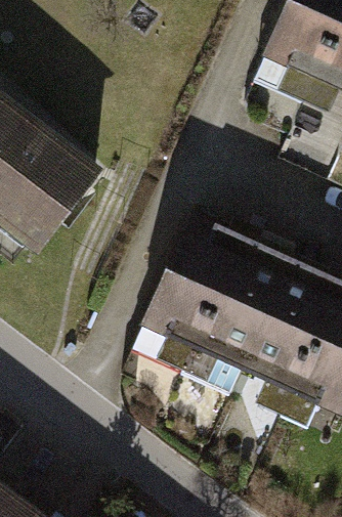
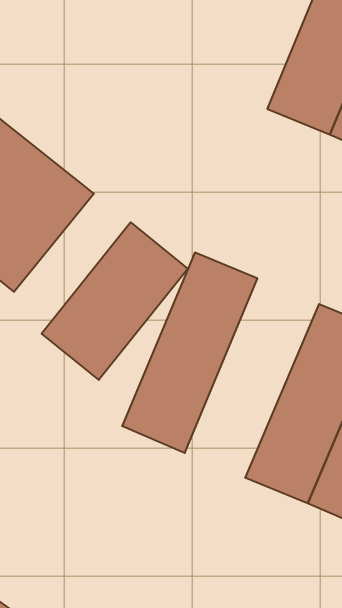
building: none -> [42,222,188,380]
building: [181,234,293,400] -> none

